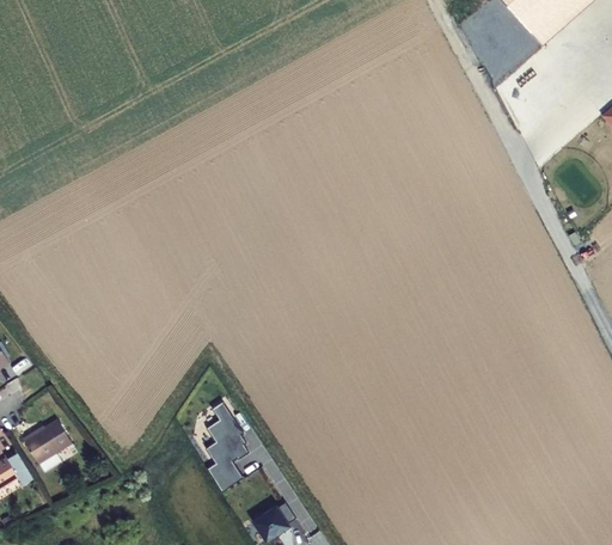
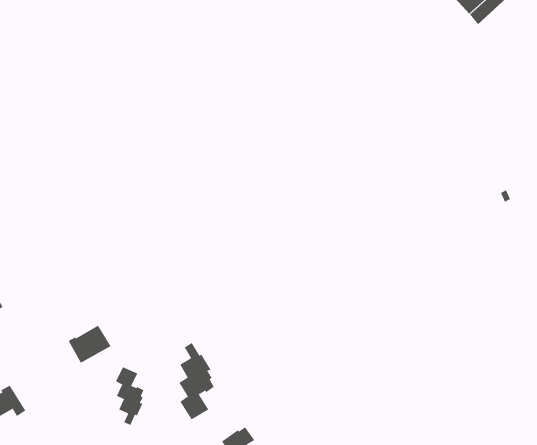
building: [25,420,74,463] -> [68,325,111,363]
building: none -> [115,367,144,426]

